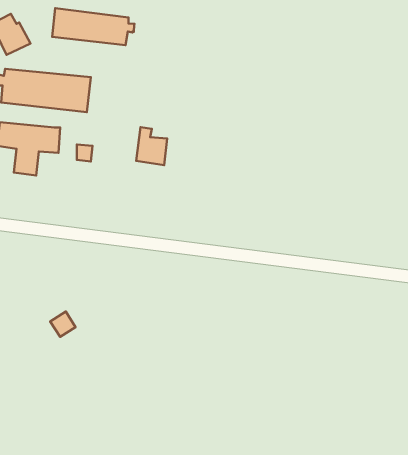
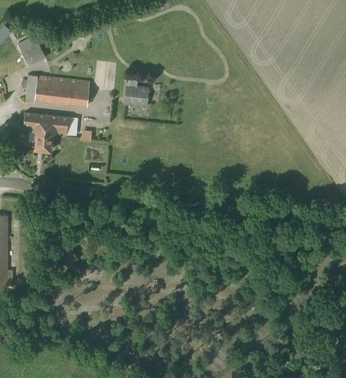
building: [52,8,135,45] -> none
building: [136,127,167,165] -> [126,80,148,107]

